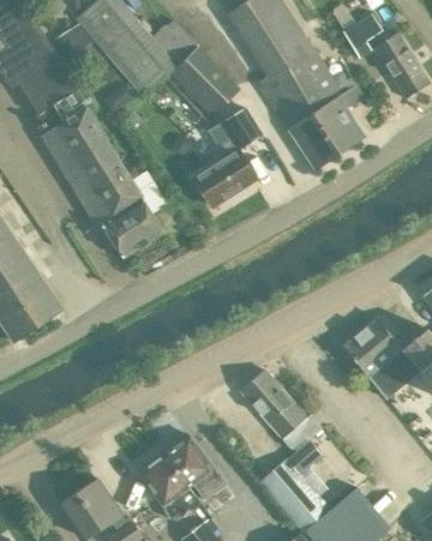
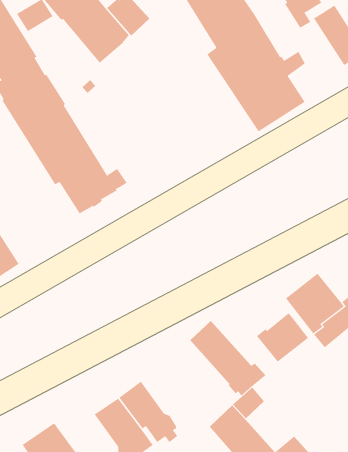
building: [169,48,240,116] -> none
building: [192,116,254,208] -> none
building: none -> [256,312,309,363]

